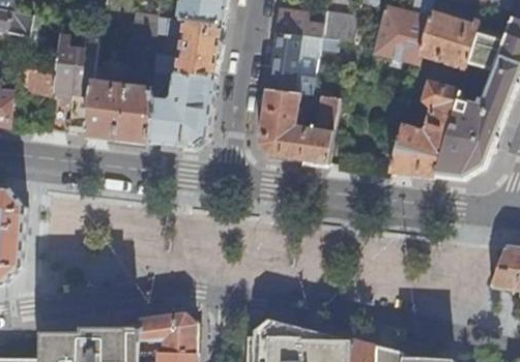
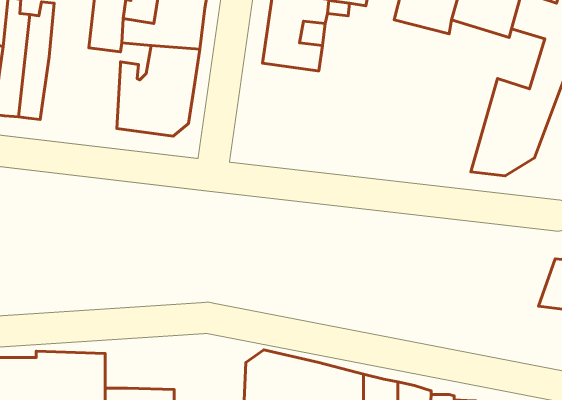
building: [388,83,458,177] -> none
building: [85,84,150,142] -> none
building: [257,89,339,164] -> none
building: [138,313,195,353] -> none

